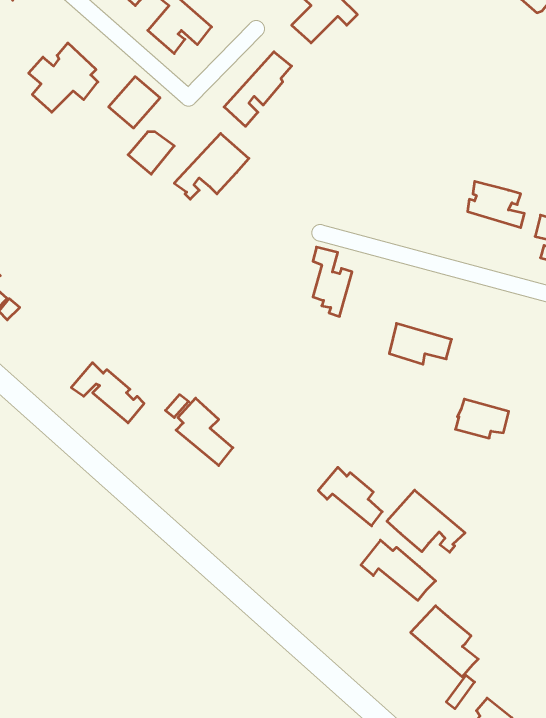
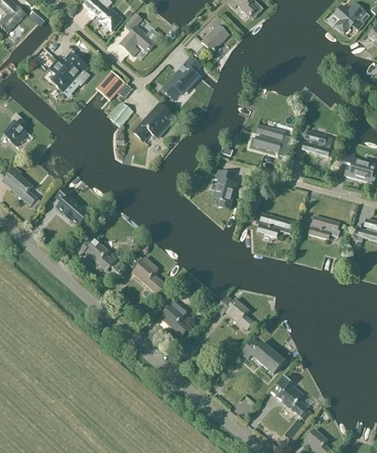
building: none -> [253,125,287,156]
building: none -> [55,186,89,226]
building: [455,399,509,438] -> [308,216,339,238]
building: none -> [162,304,188,334]
building: [387,490,465,552] -> none

